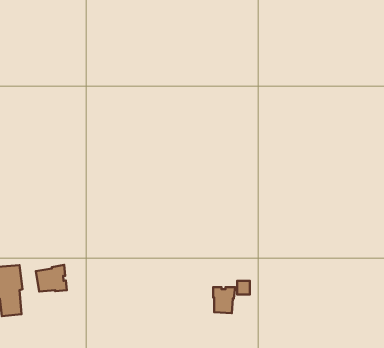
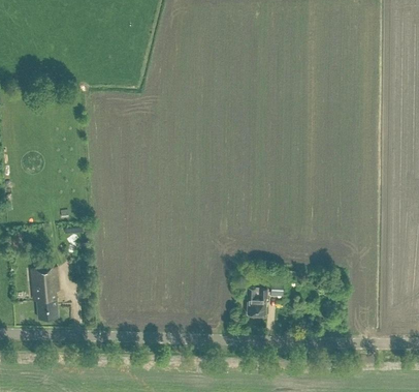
building: [36,265,67,292] -> none

